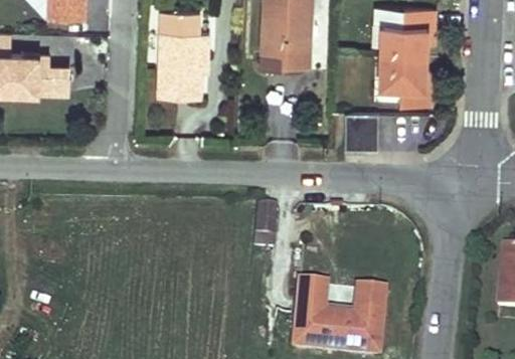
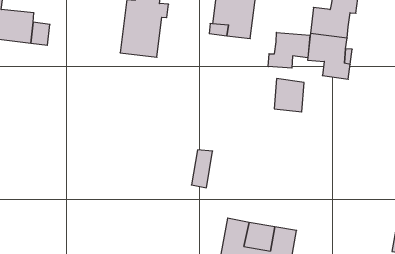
building: none -> [268,32,310,68]

